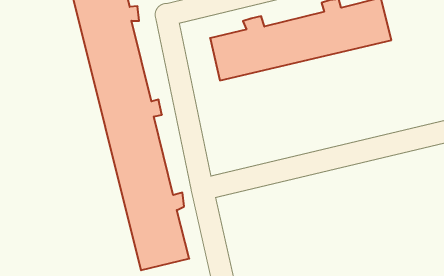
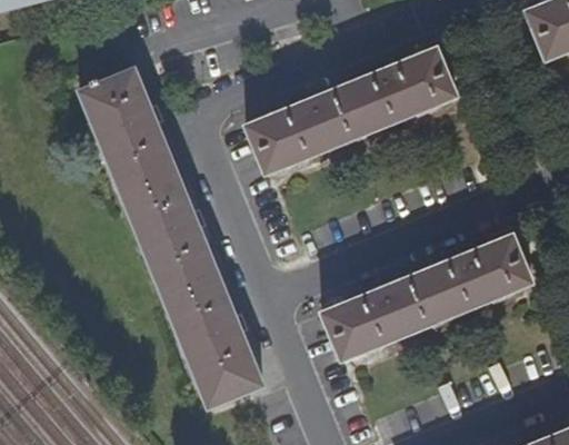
building: none -> [323,237,532,360]

